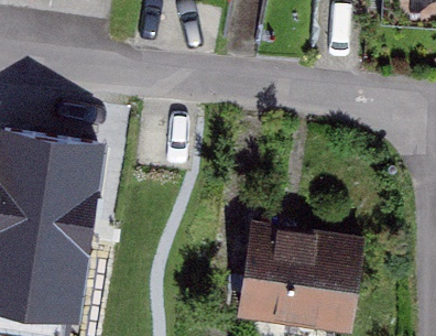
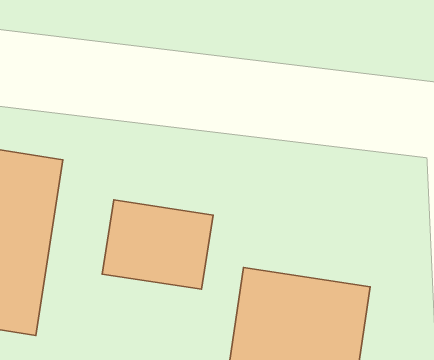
building: none -> [102,200,213,289]

